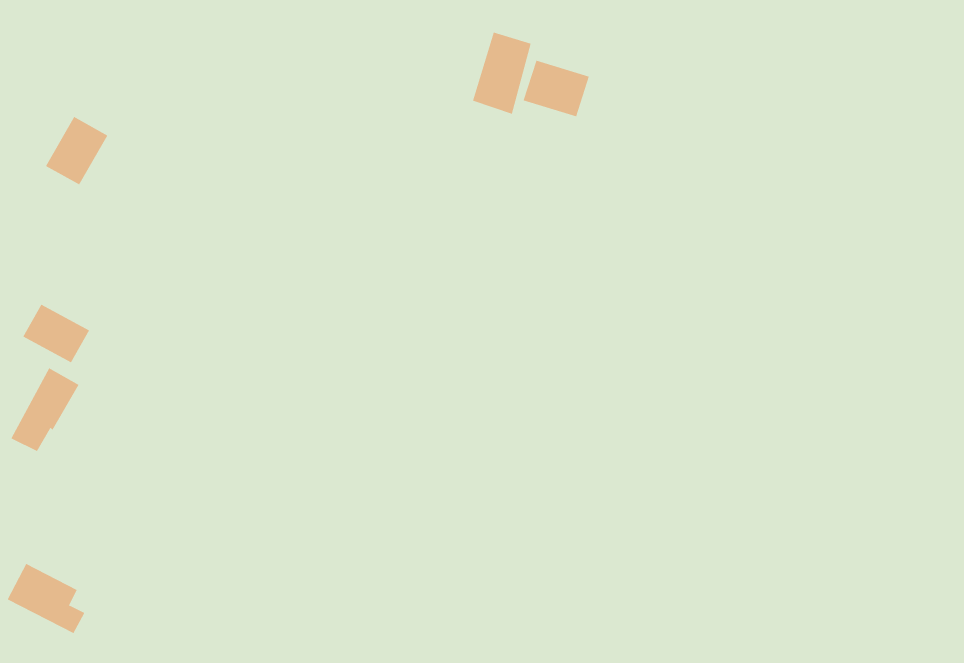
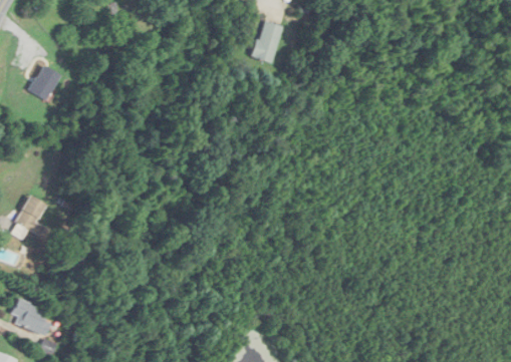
building: [523,60,590,117] -> none
building: [23,304,90,363] -> none

